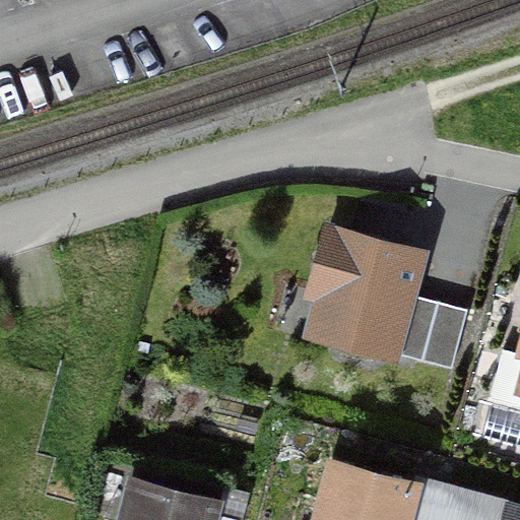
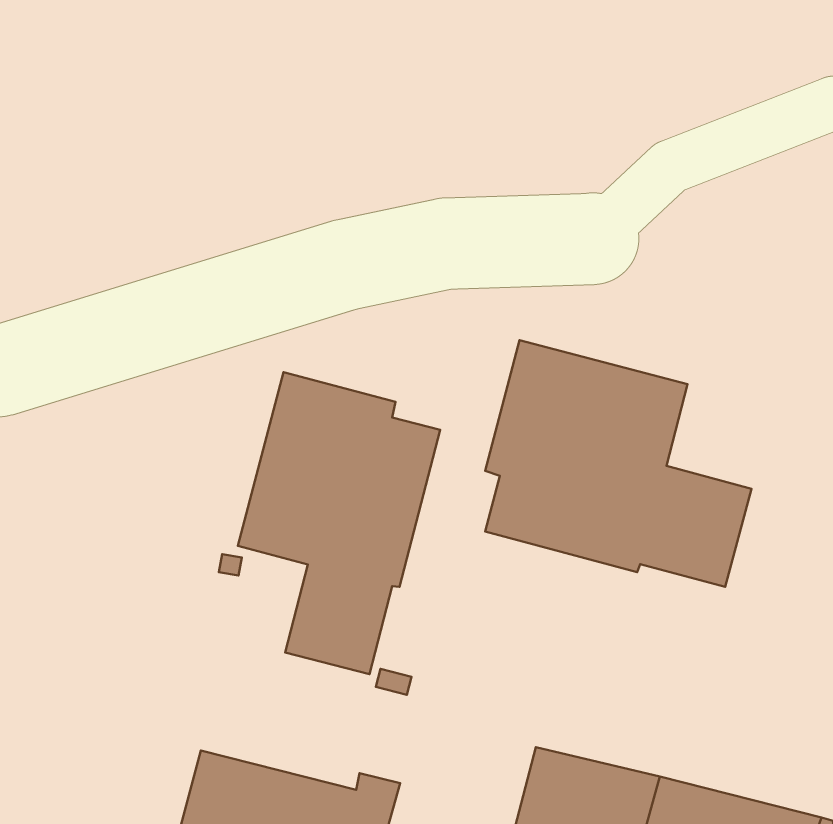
building: none -> [238,372,440,674]

